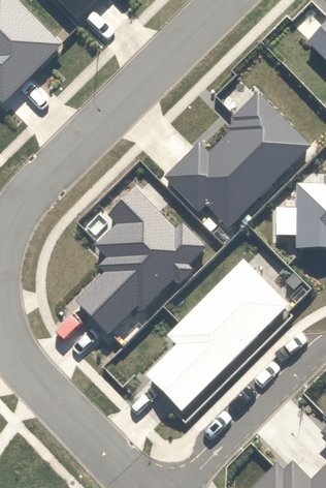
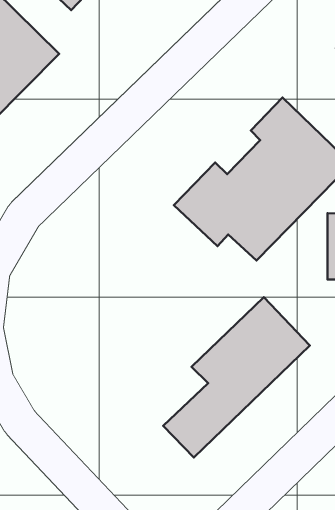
building: [79,177,218,327] -> none

